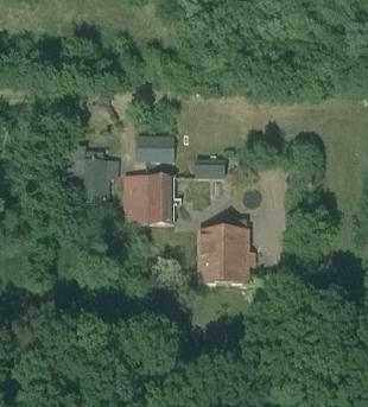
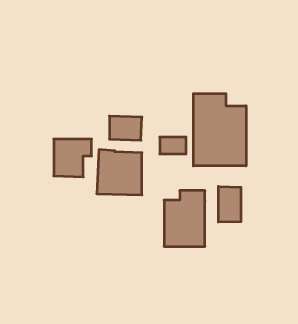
building: none -> [193,94,246,166]
building: none -> [218,186,241,222]

